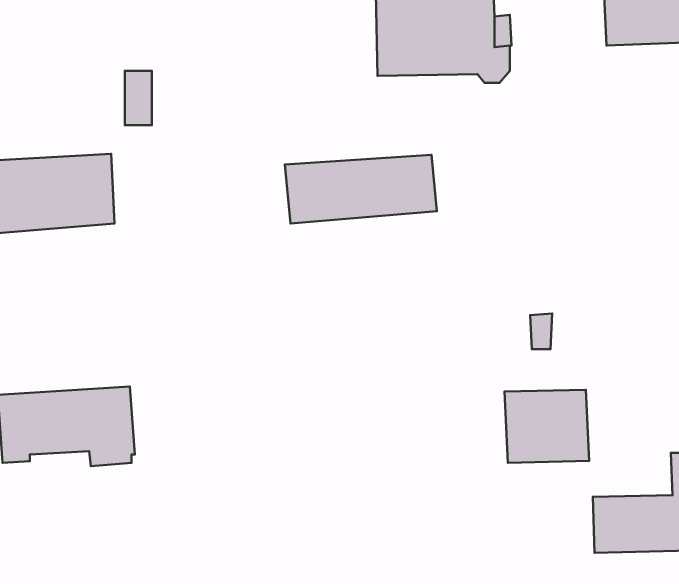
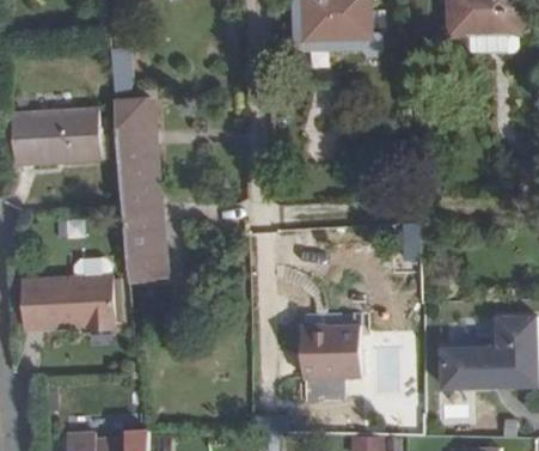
building: none -> [111,96,169,284]
building: [285,155,437,223] -> none
building: [504,390,589,463] -> [300,324,360,376]

